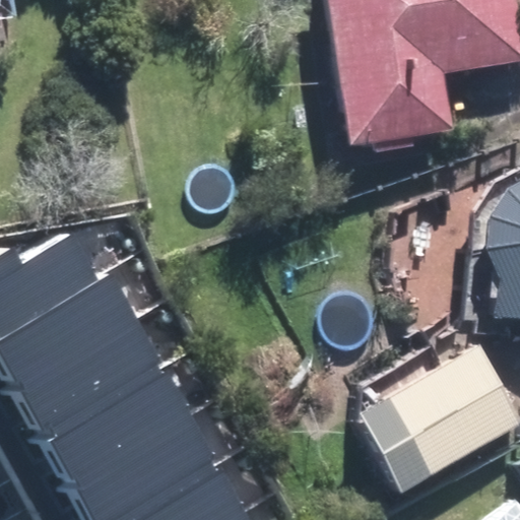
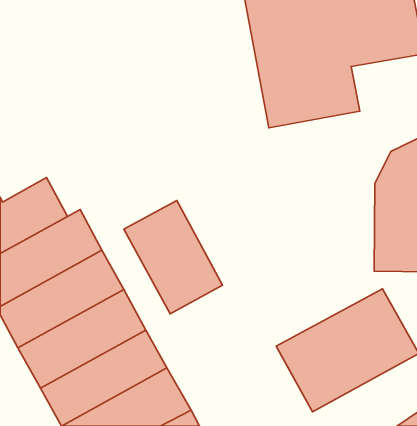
building: none -> [124,201,222,314]

